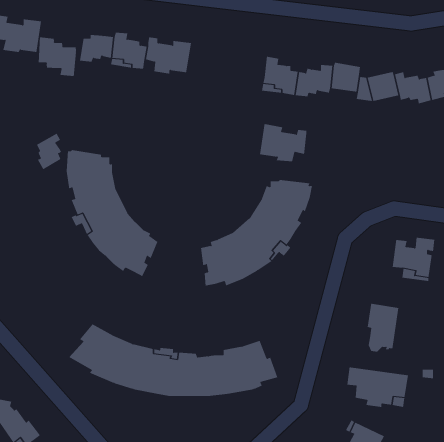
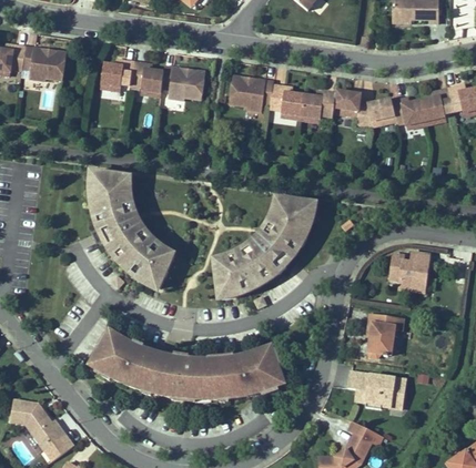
building: [38,36,76,77] -> none
building: [259,123,307,162] -> [229,74,273,110]
building: [36,133,62,170] -> none

